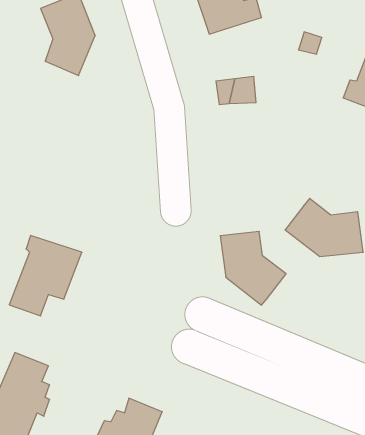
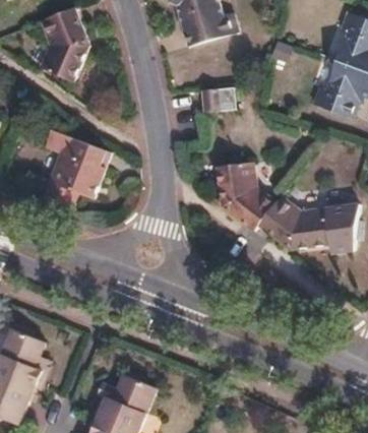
building: [220,231,286,305] -> [219,162,279,229]
building: [9,235,82,316] -> [41,136,107,209]

